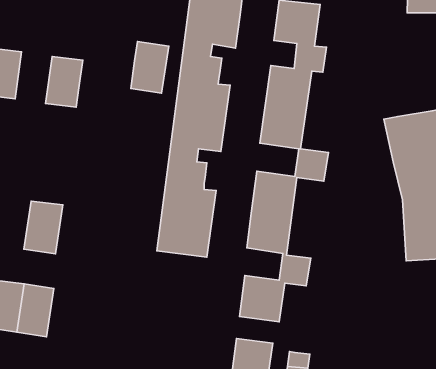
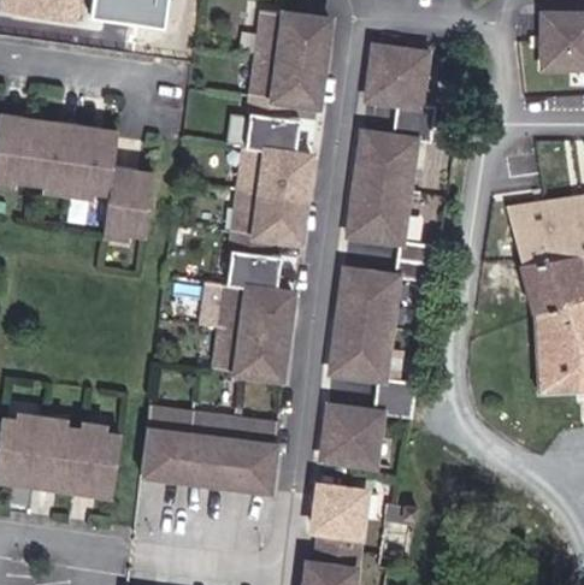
building: [131,41,169,93] -> [105,165,154,232]
building: none -> [30,118,78,185]
building: [24,201,63,254] -> [71,426,122,495]
building: none -> [140,414,277,497]

